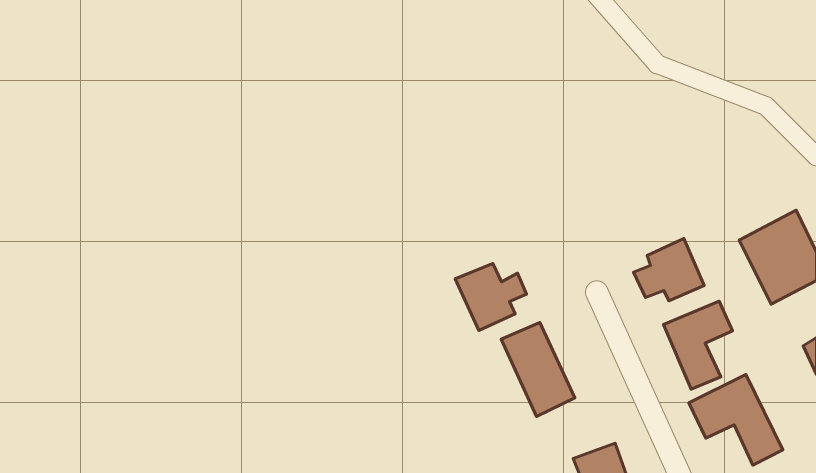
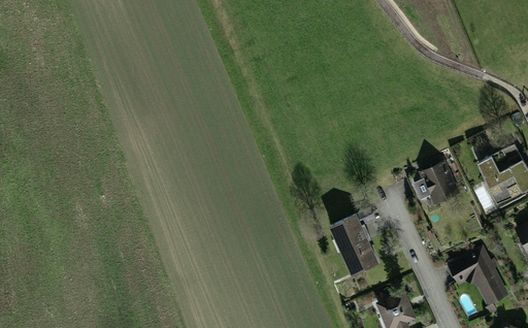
building: [455,264,527,331] -> none
building: [664,301,732,389] -> none

